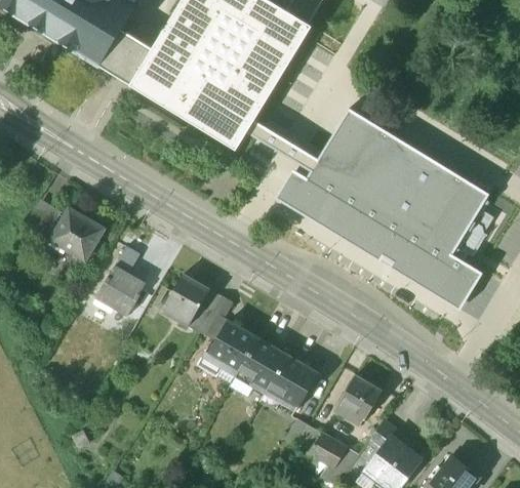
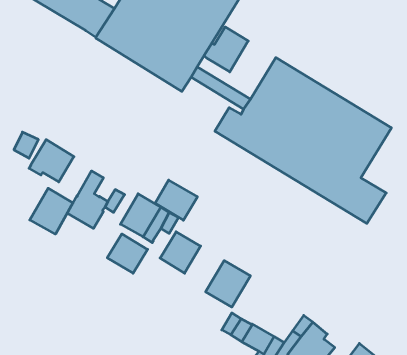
building: none -> [204,27,248,72]
building: none -> [155,180,197,220]
building: none -> [30,188,73,234]
building: none -> [107,234,148,273]
building: [235,337,286,393] -> none
building: [333,375,381,425] -> none

